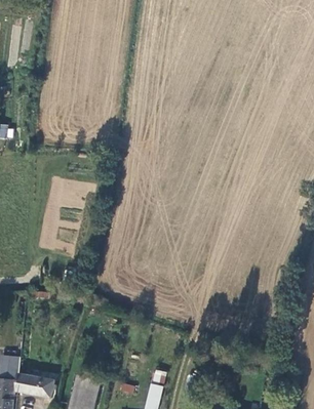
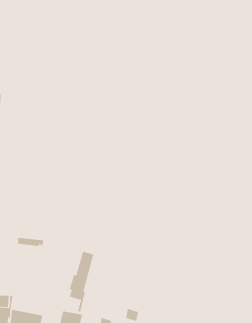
building: none -> [69,251,94,312]

